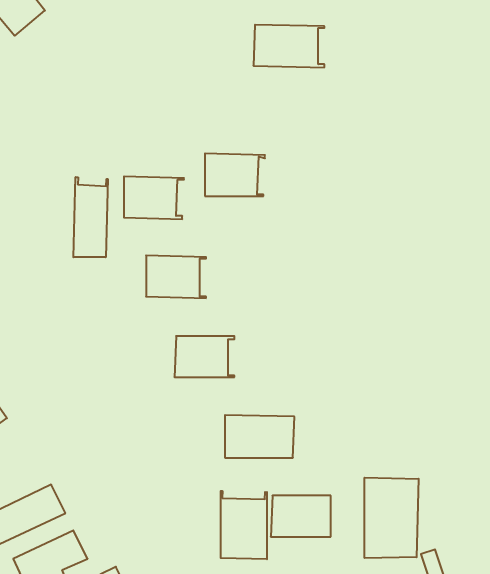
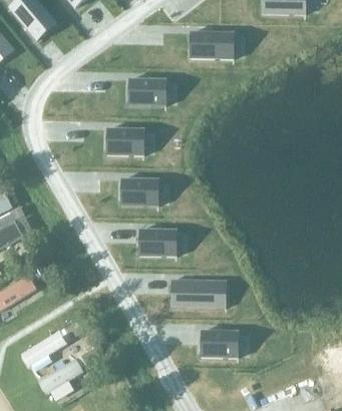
building: [205,153,265,196] -> [129,78,167,105]
building: [73,177,108,257] -> none
building: [365,478,419,558] -> none
building: [221,491,267,559] -> none

